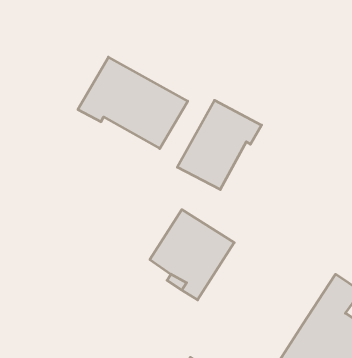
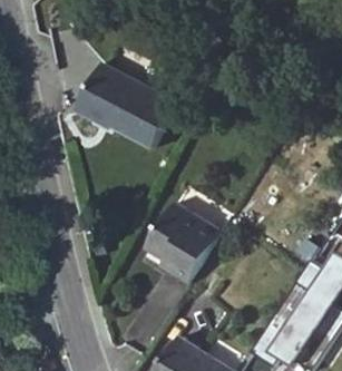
building: [177,100,262,190] -> none

